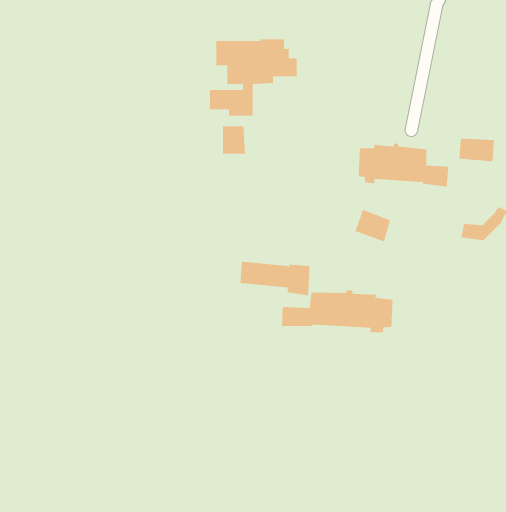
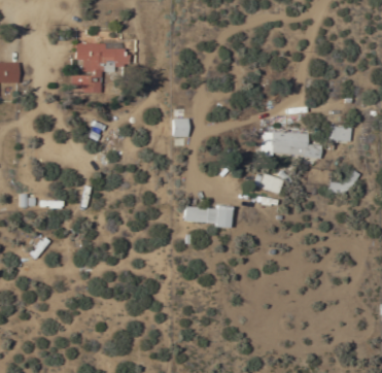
building: [209,39,297,116] -> [72,41,130,92]
building: [282,289,393,333] -> none

